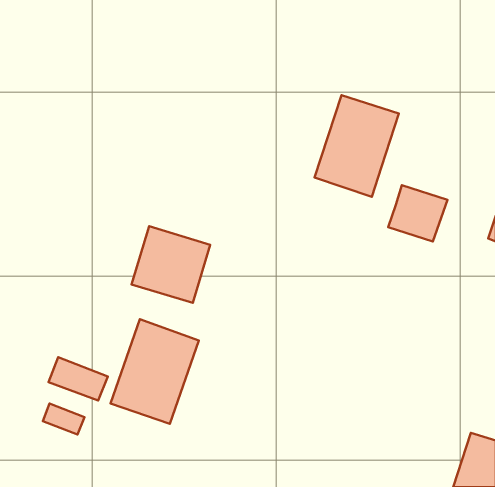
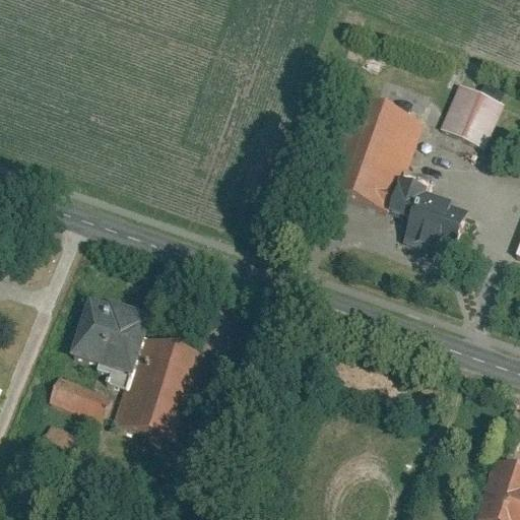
building: none -> [443,82,505,145]
building: none -> [390,175,426,214]
building: [132,226,210,303] -> [68,295,150,375]

